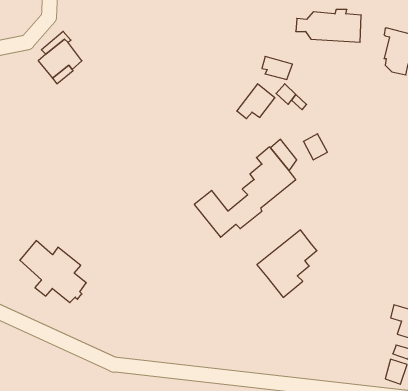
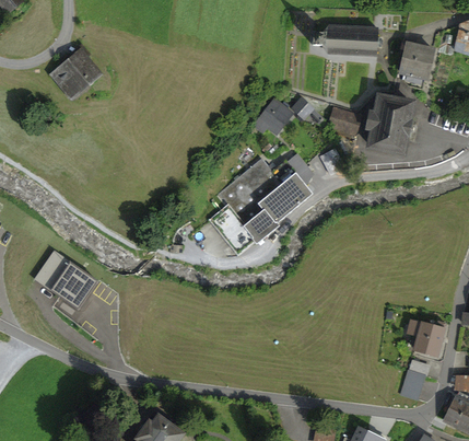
building: [262,56,292,79] -> [330,108,361,131]
building: none -> [366,96,411,151]
building: [257,230,317,297] -> [218,158,278,225]

